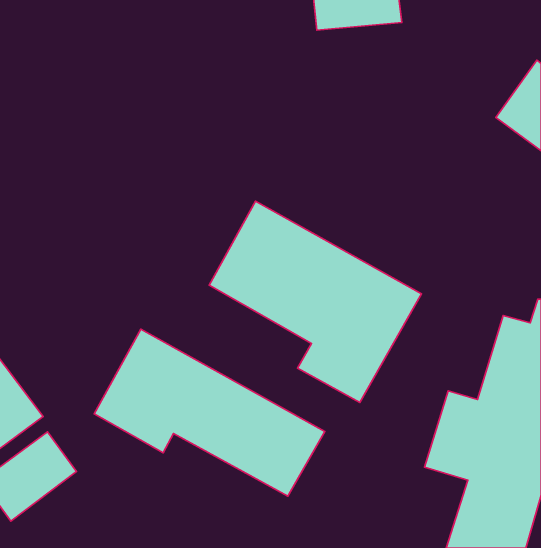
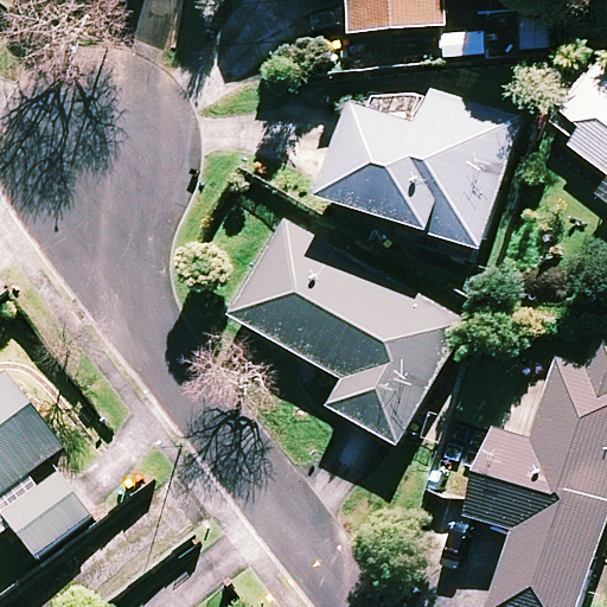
building: none -> [325,92,518,248]
building: [94,329,325,496] -> none

